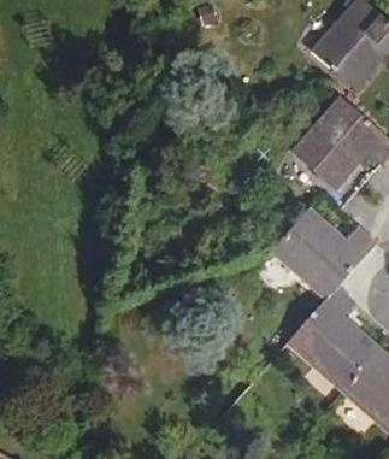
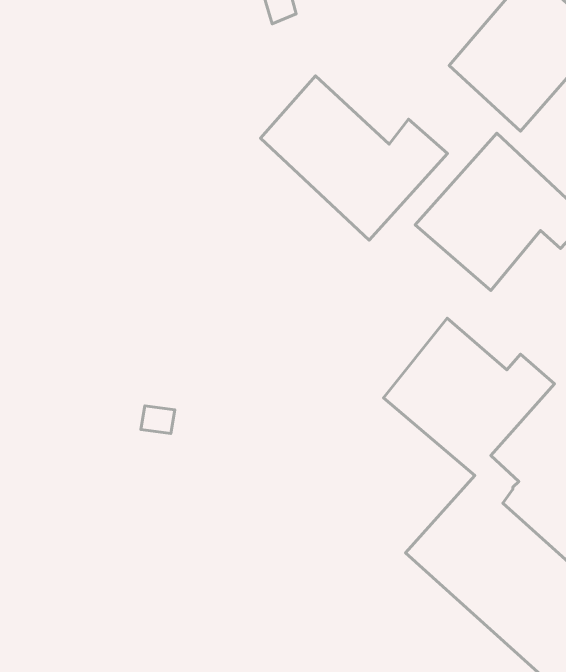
building: none -> [260,76,447,240]

